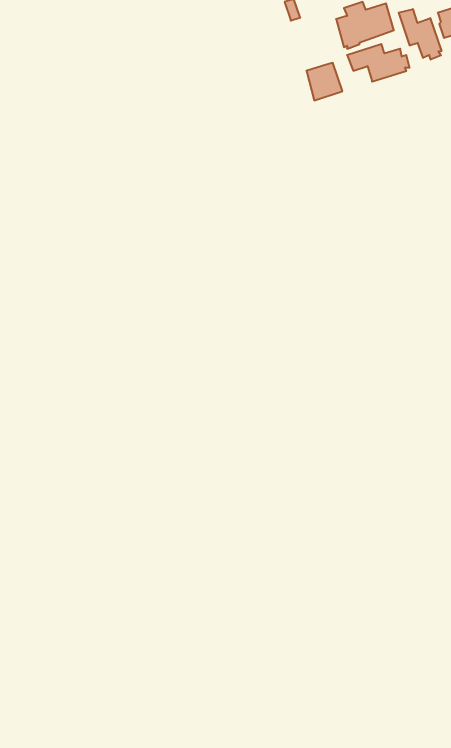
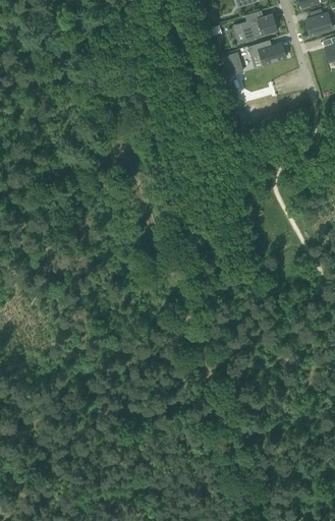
building: [399,9,441,60] -> none

